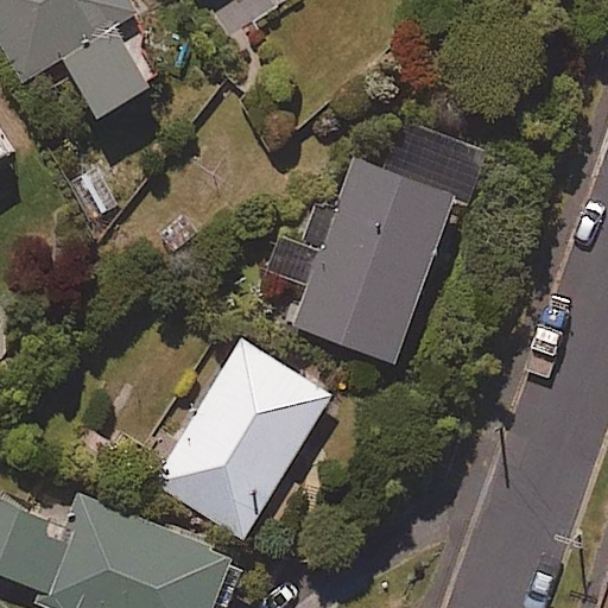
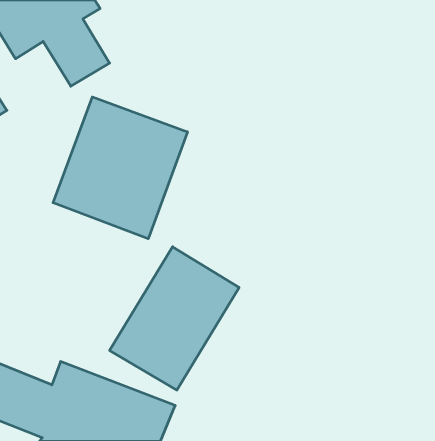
building: [289,127,483,363] -> none
building: none -> [53,97,187,239]

